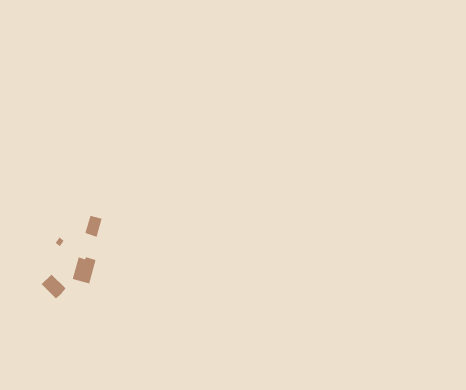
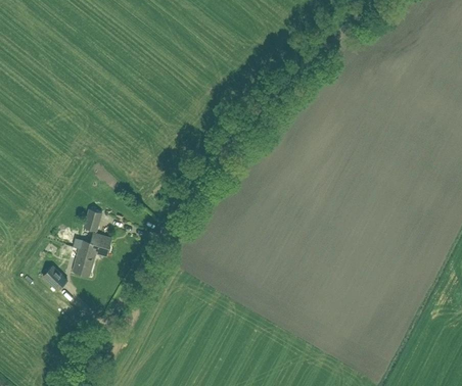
building: none -> [77,233,110,255]

